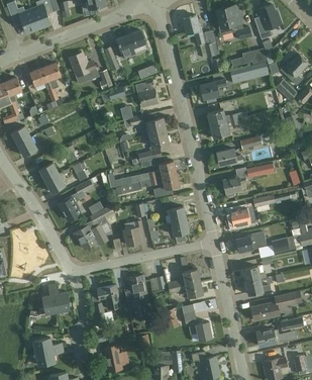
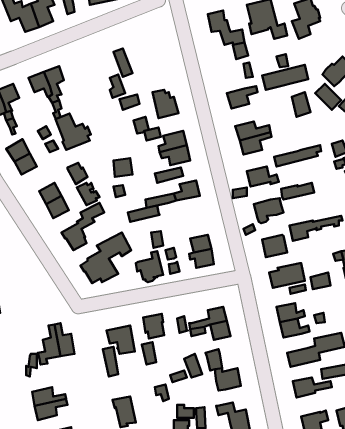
building: [116,29,144,57] -> none
building: [69,52,99,83] -> [56,113,91,150]
building: [152,173,179,197] -> none

